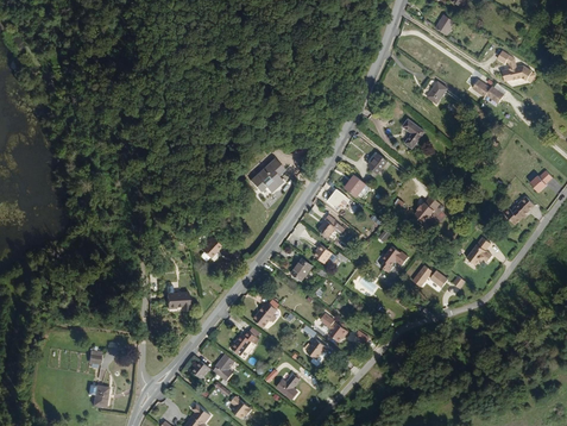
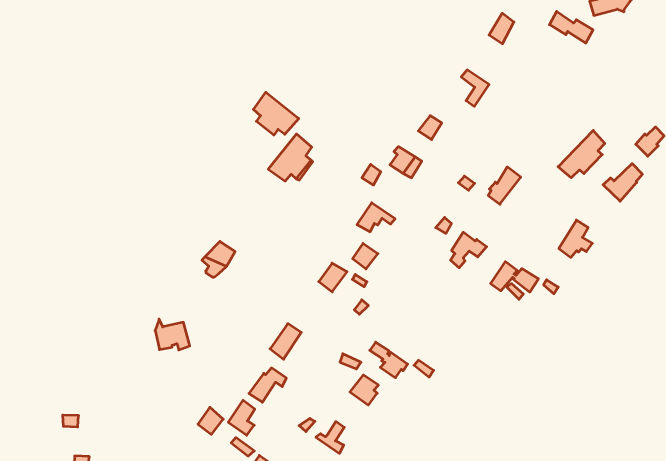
building: none -> [253,92,299,135]
building: none -> [558,130,605,178]

